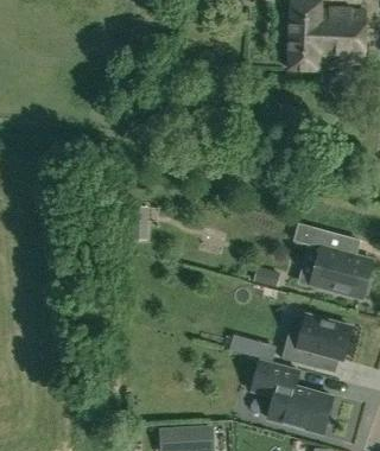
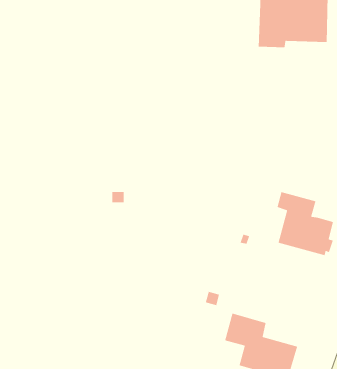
building: [281,313,352,366] -> none

